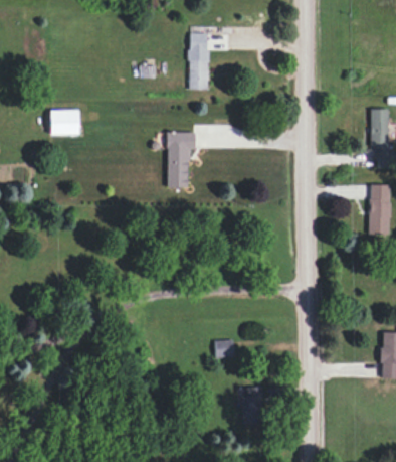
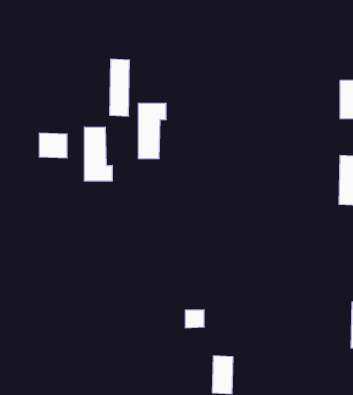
building: [189,32,209,90] -> [110,59,130,116]
building: [51,110,79,135] -> [39,133,67,158]
building: none -> [84,127,112,181]

